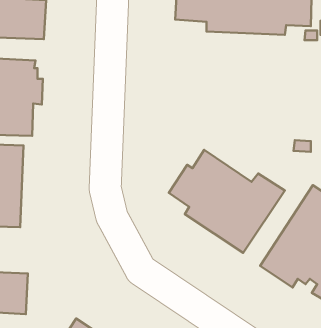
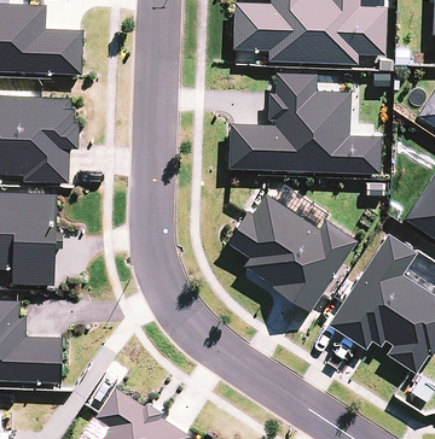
building: none -> [226,75,378,176]

